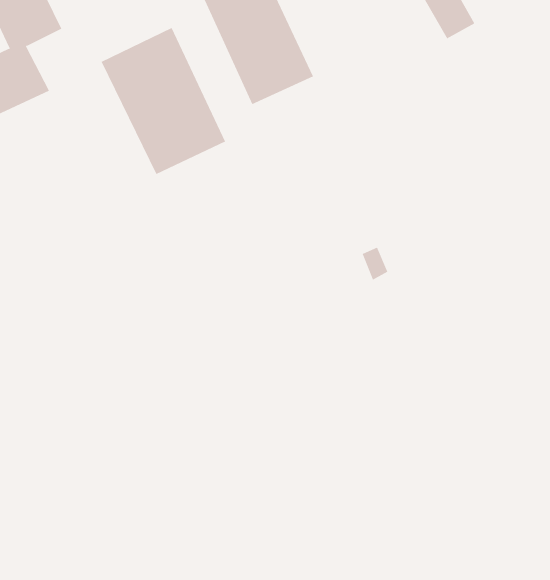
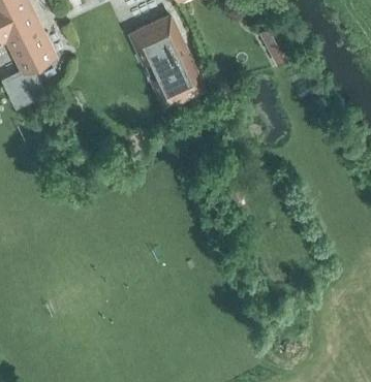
building: [101,27,226,175] -> none

